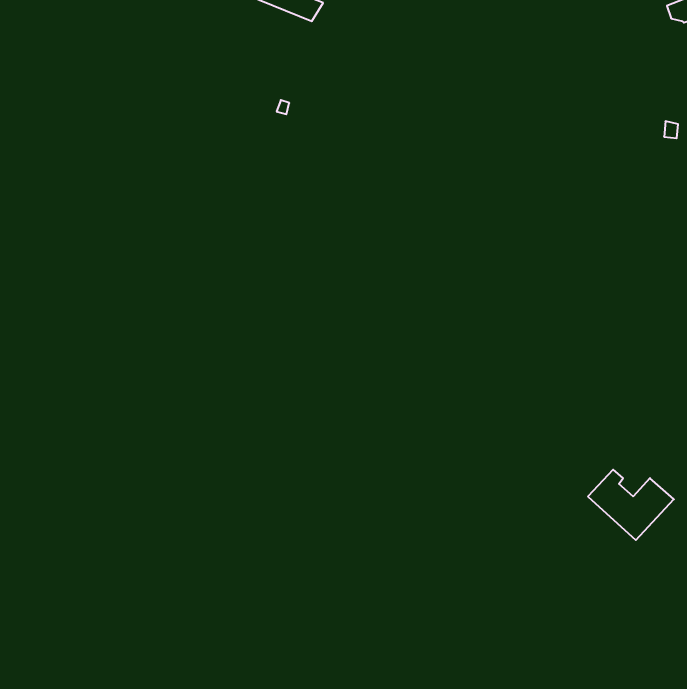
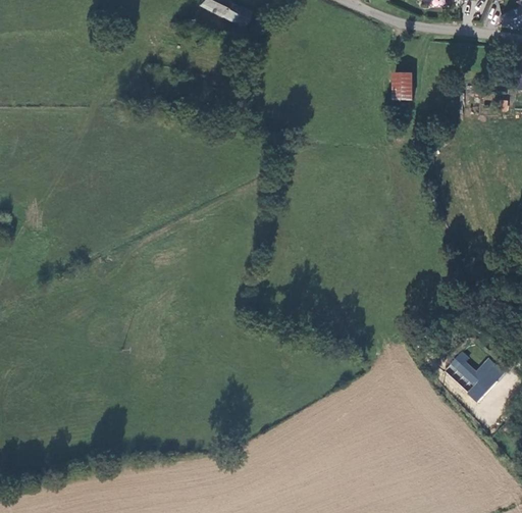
building: none -> [395,74,413,100]

